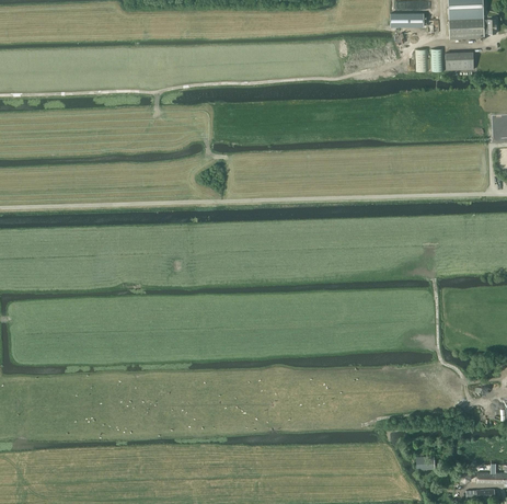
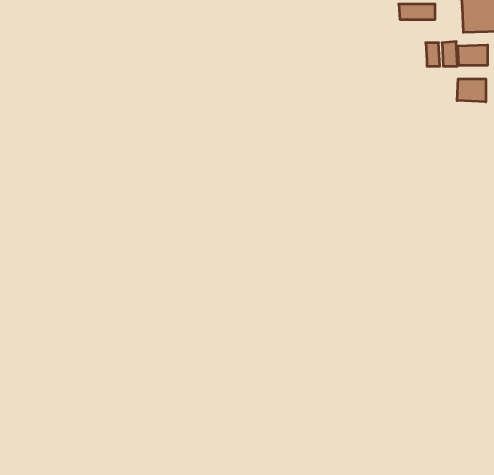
building: none -> [457,79,486,102]

